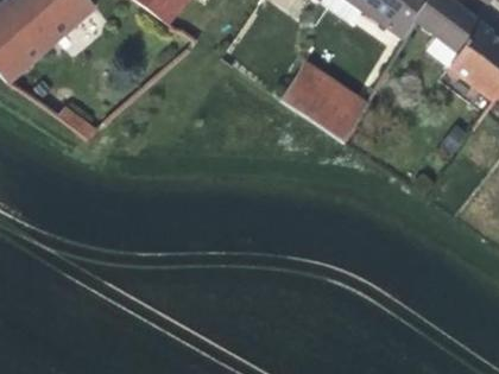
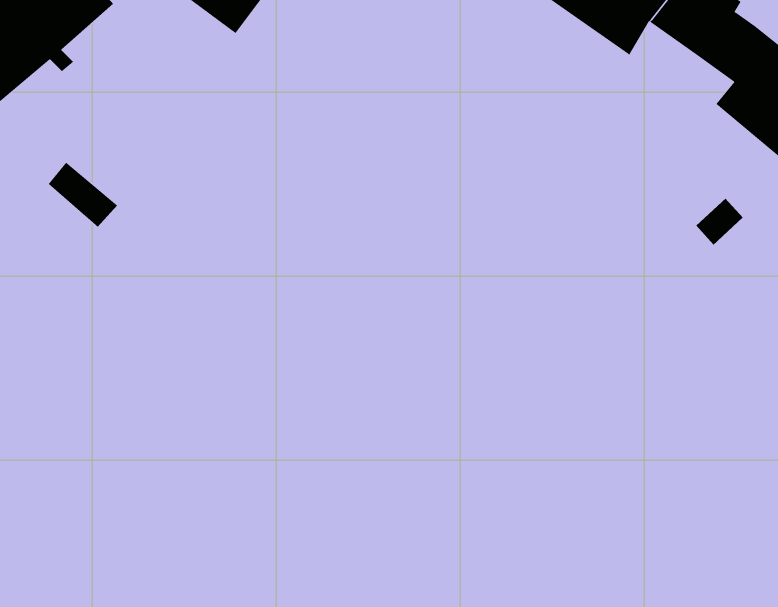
building: [280,61,365,142] -> none

